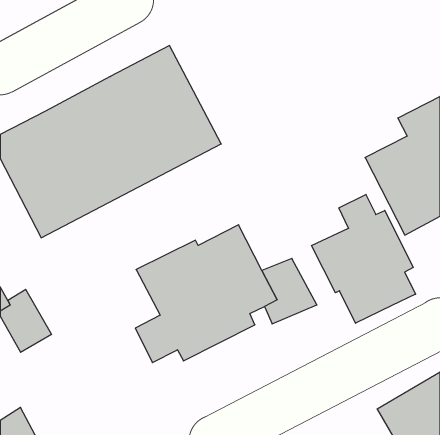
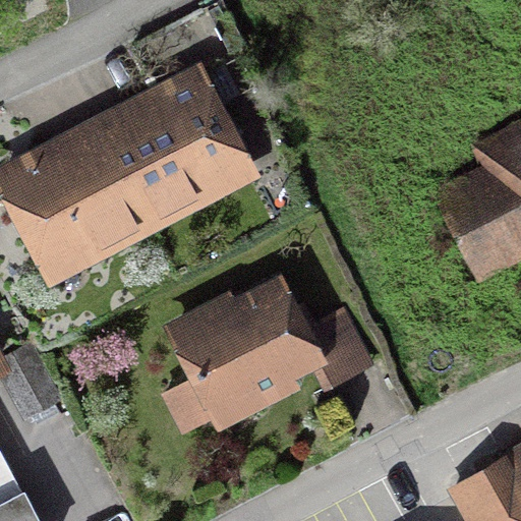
building: [312,194,416,323] -> none

